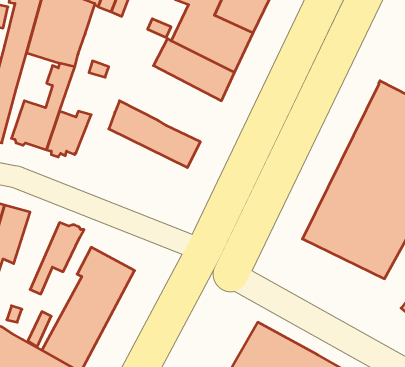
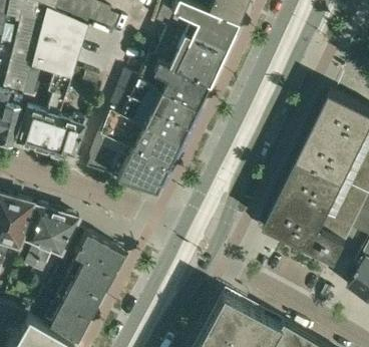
building: none -> [109,71,197,143]
building: none -> [86,132,167,190]
building: none -> [24,207,58,270]

